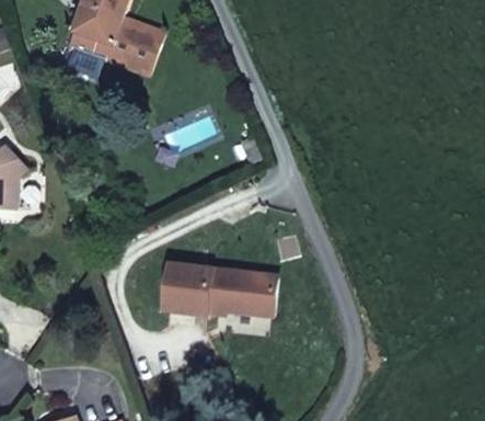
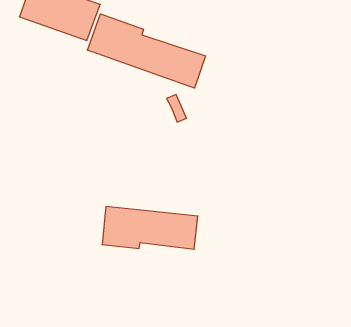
building: none -> [87,14,205,88]

